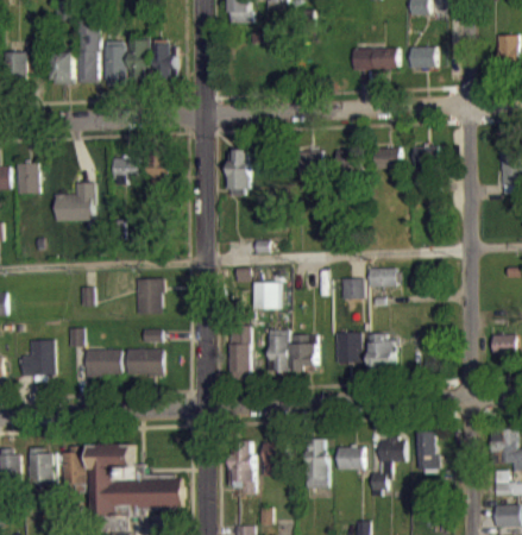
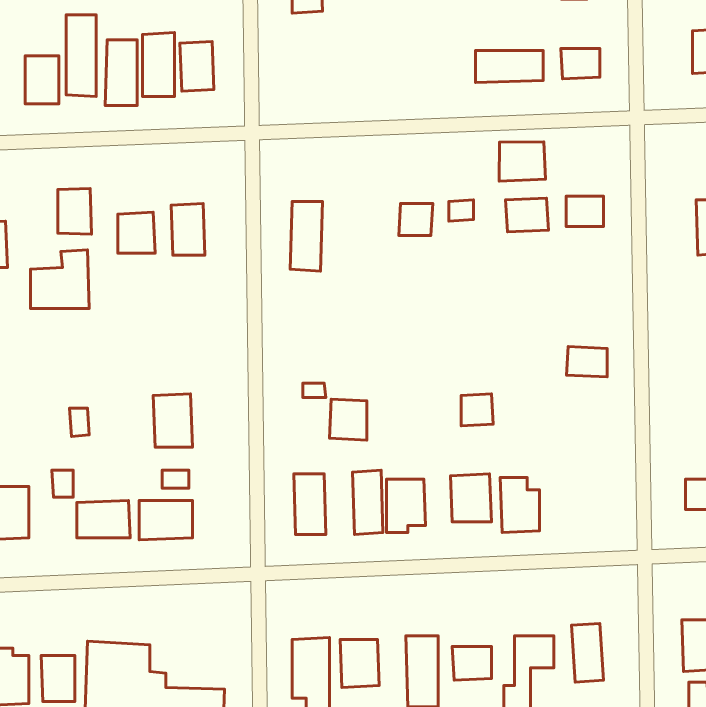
building: none -> [499,142,546,181]
building: none -> [58,188,92,234]
building: [367,268,395,288] -> [566,347,607,377]

